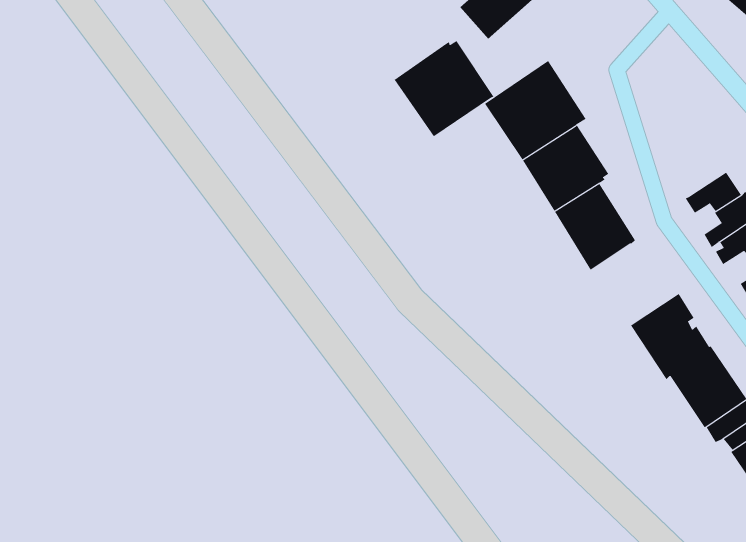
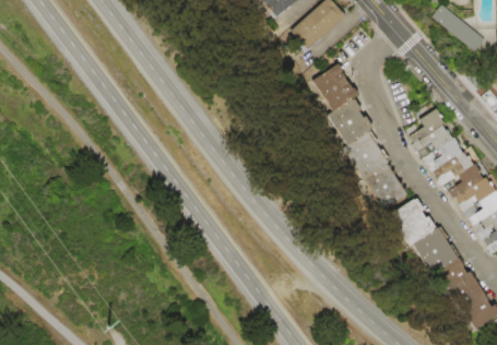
building: [394,40,494,137] -> none
building: none -> [417,107,450,140]
building: none -> [366,167,409,212]

